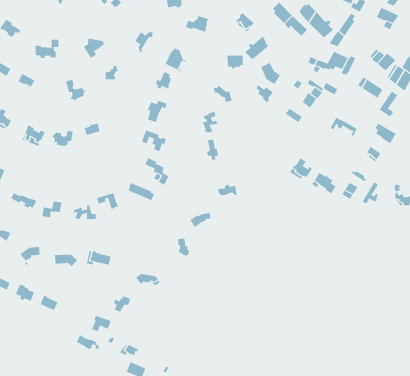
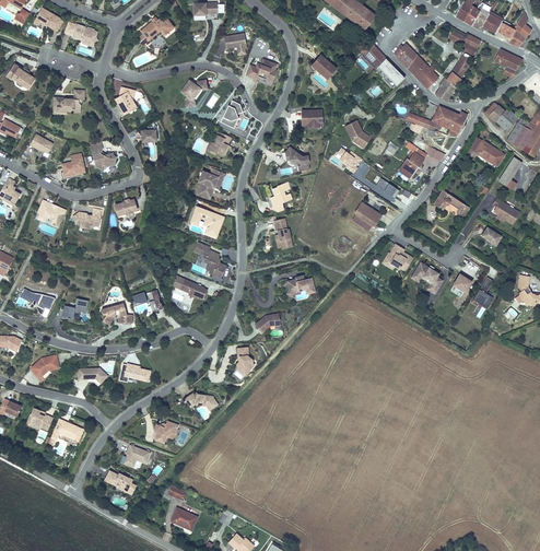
building: [244,36,269,60] -> none
building: none -> [60,153,85,180]
building: none -> [352,201,381,231]

